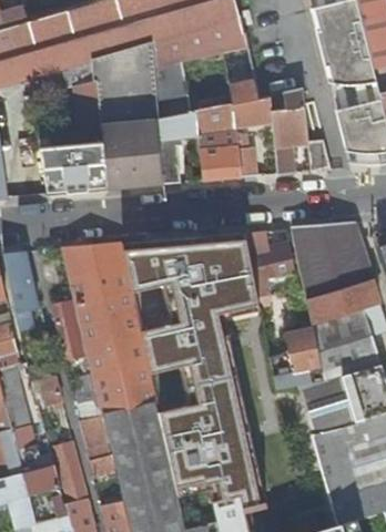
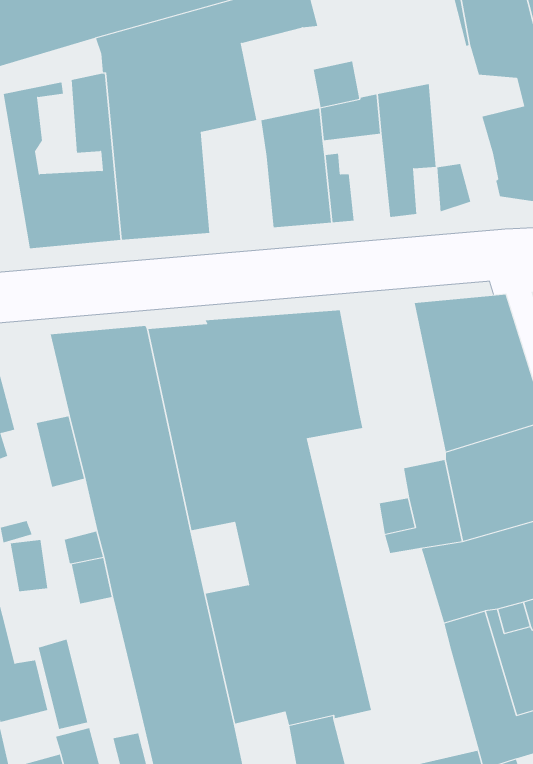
building: [159,112,200,184] -> none
building: [247,231,299,298] -> none
building: [80,416,115,477] -> none

